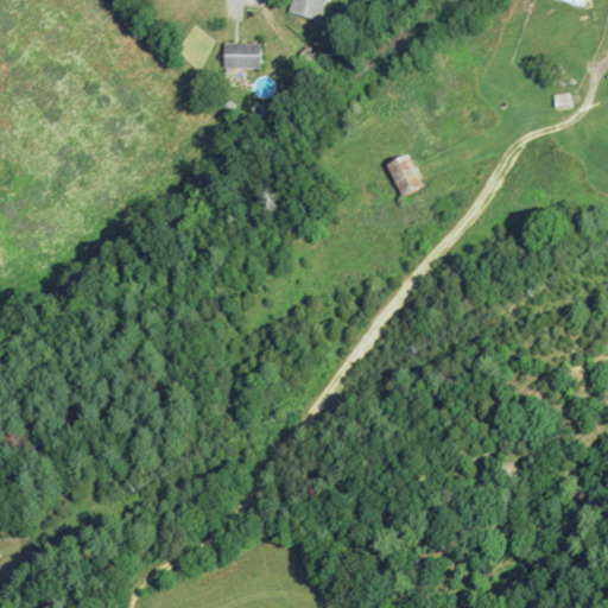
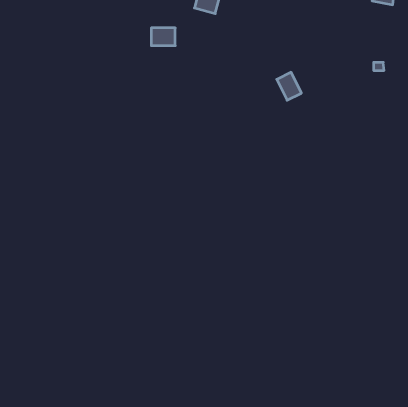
building: [385,153,422,195] -> [277,72,301,100]

